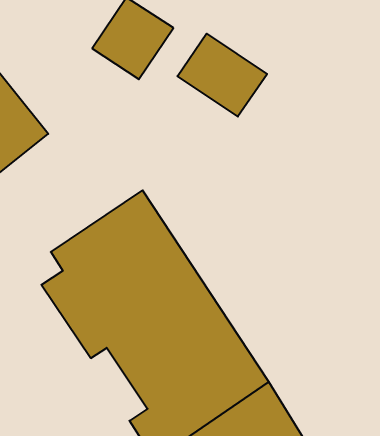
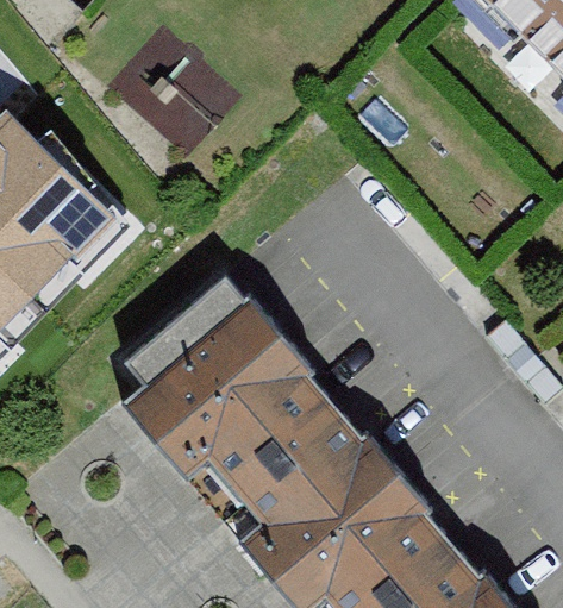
building: [177,34,267,117] -> none

